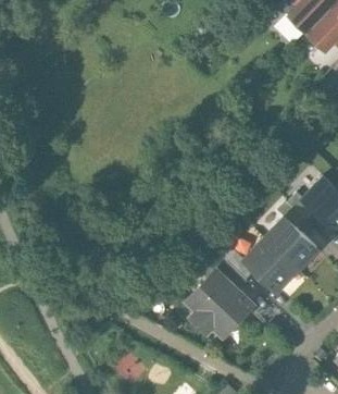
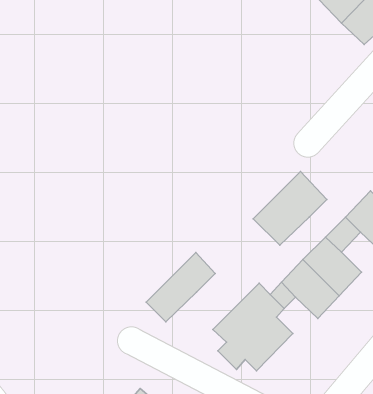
building: none -> [253,172,327,245]
building: none -> [146,253,215,322]

